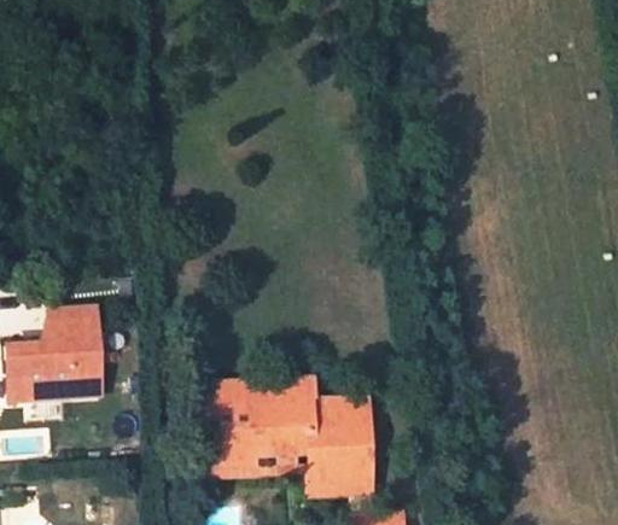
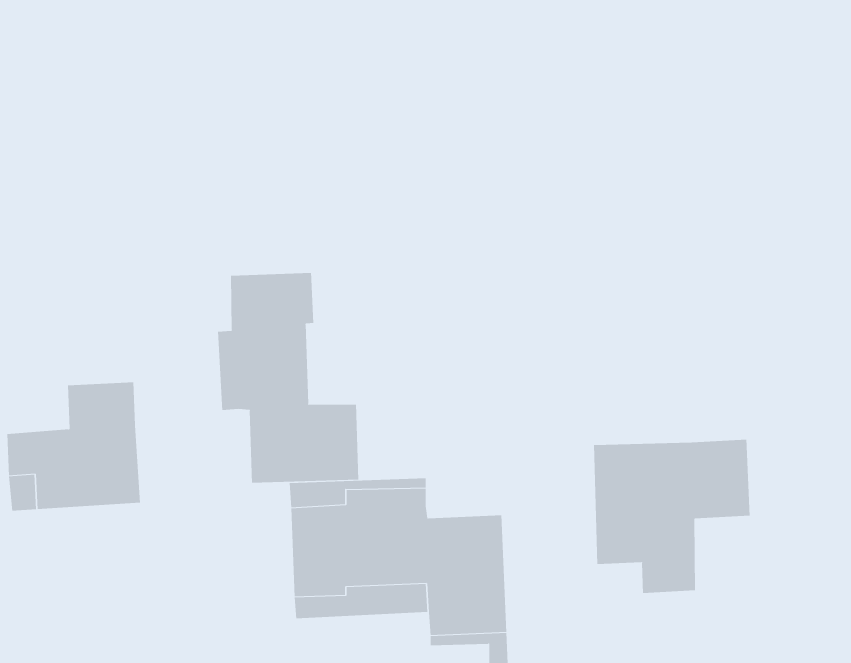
building: none -> [218,272,359,483]
building: none -> [594,439,750,594]

